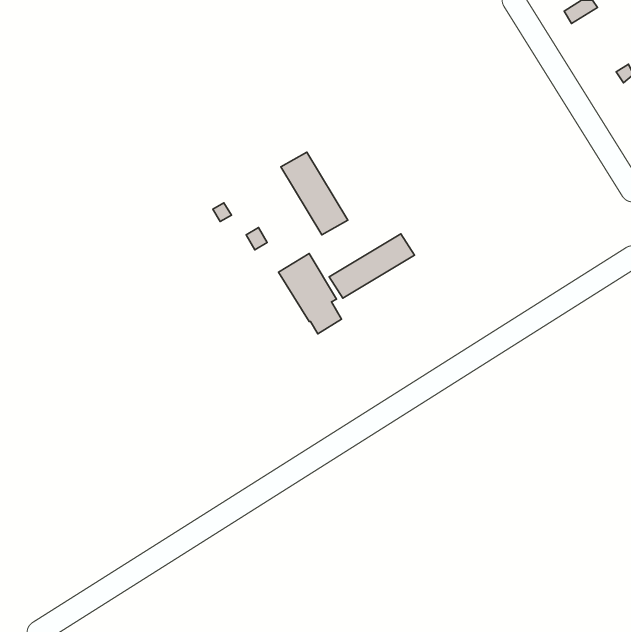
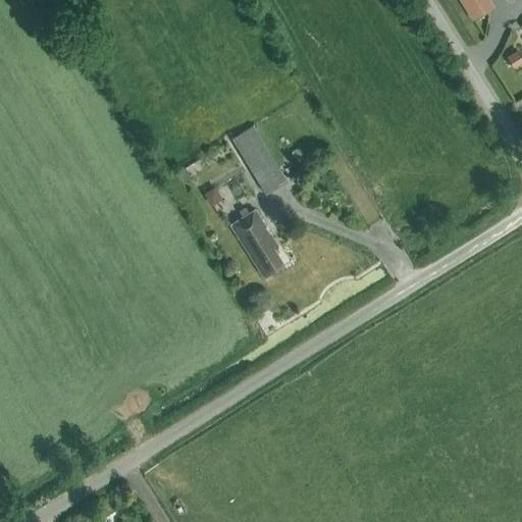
building: [329,234,415,298] -> none

